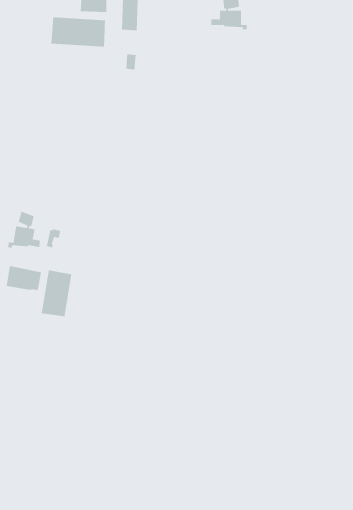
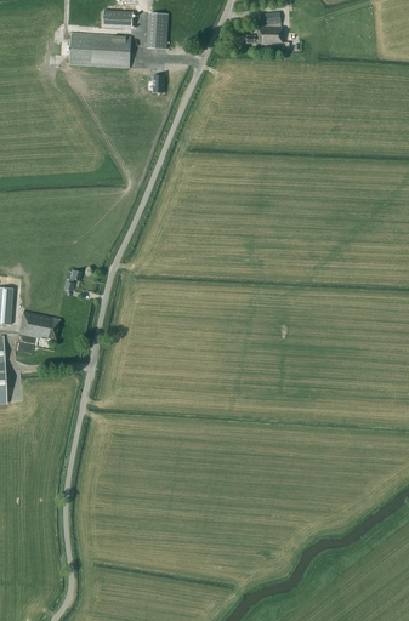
building: [8,211,41,248] -> none
building: [41,270,72,317] -> none

